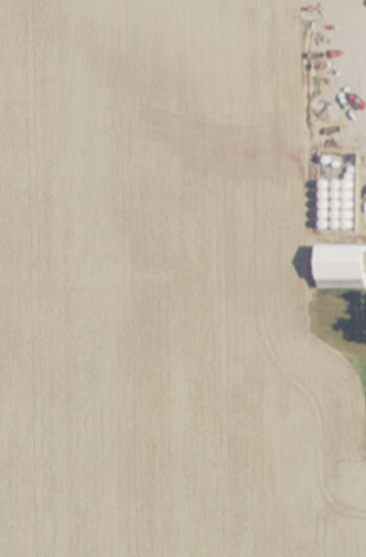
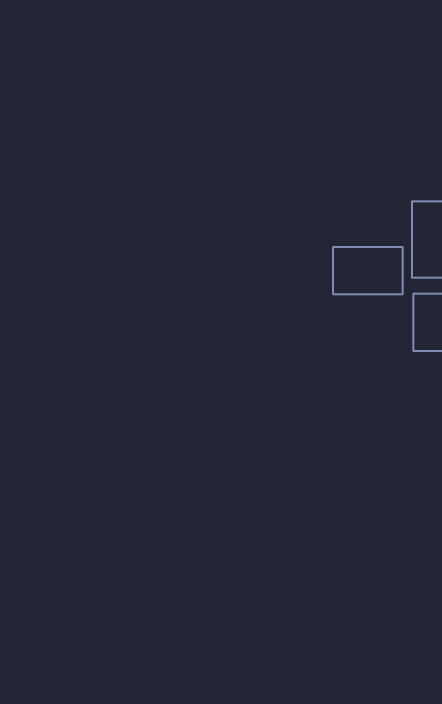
building: none -> [333,247,403,294]

